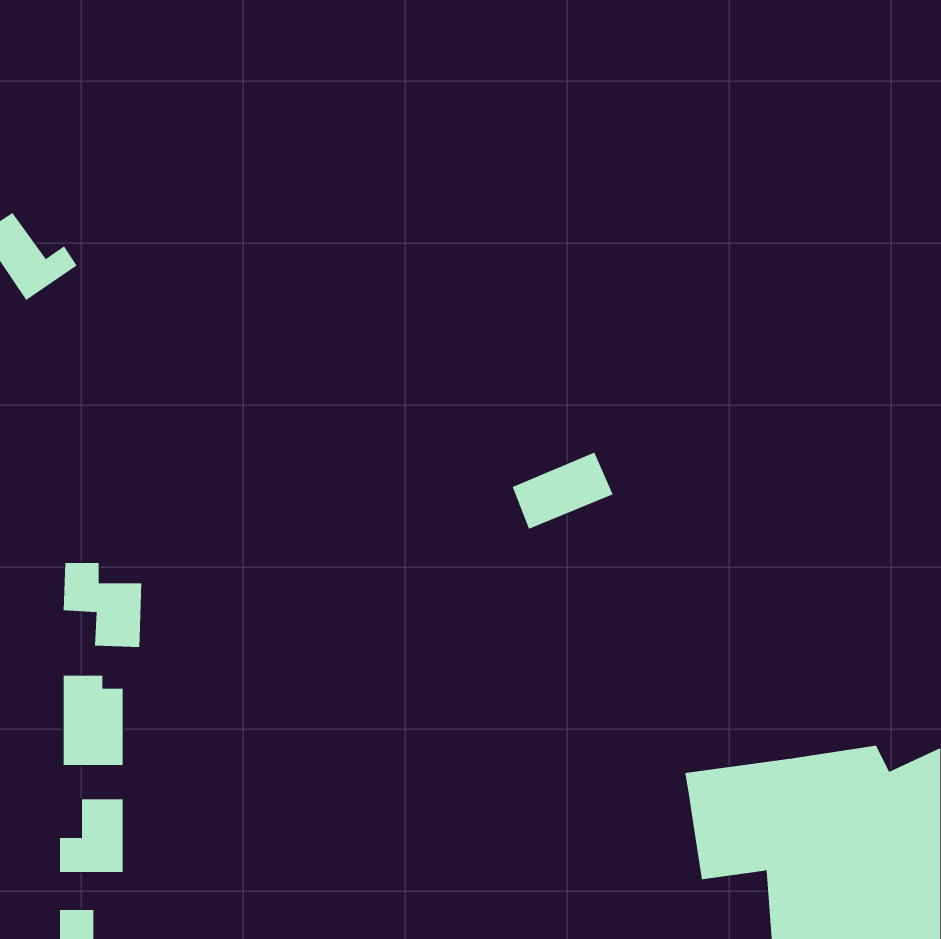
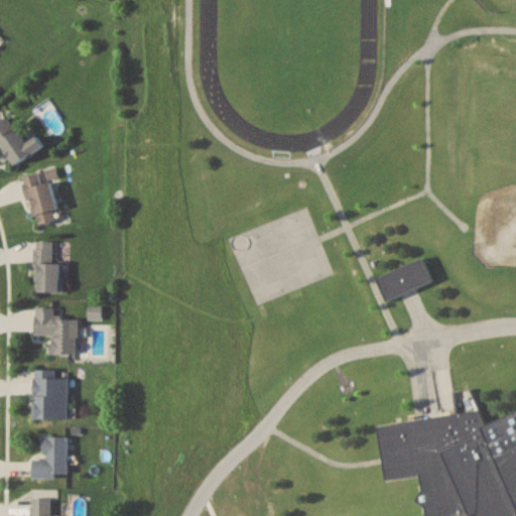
building: none -> [22,171,59,227]
building: none -> [34,243,59,293]
building: [512,452,613,529] -> [376,260,431,302]

